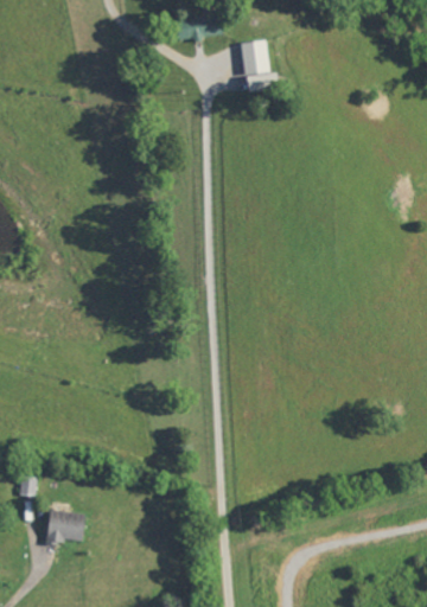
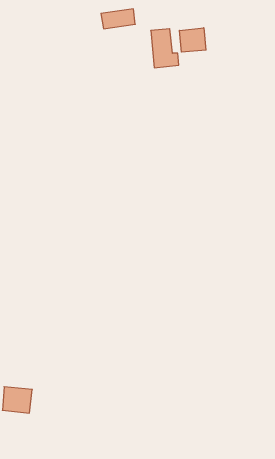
building: none -> [179,28,206,52]

